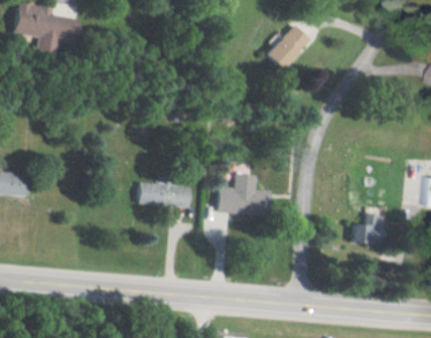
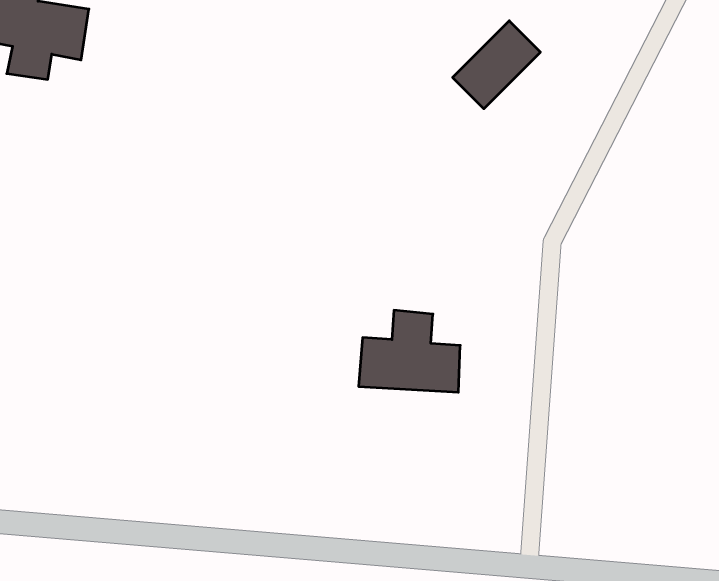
building: [139,182,191,207] -> none
building: [357,214,381,241] -> none

